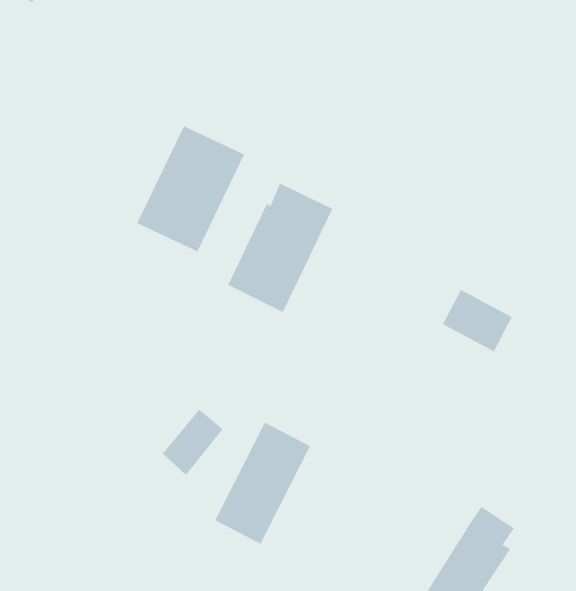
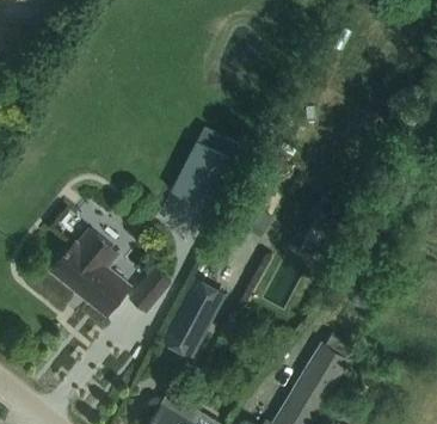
building: [136,125,245,253] -> none
building: none -> [51,228,130,314]

